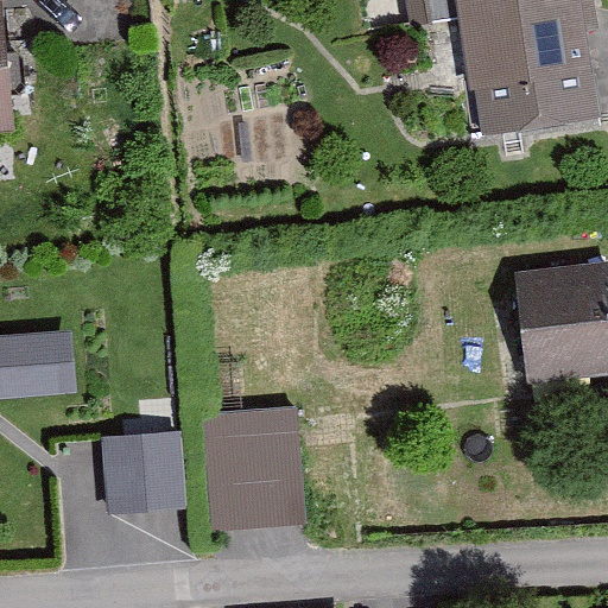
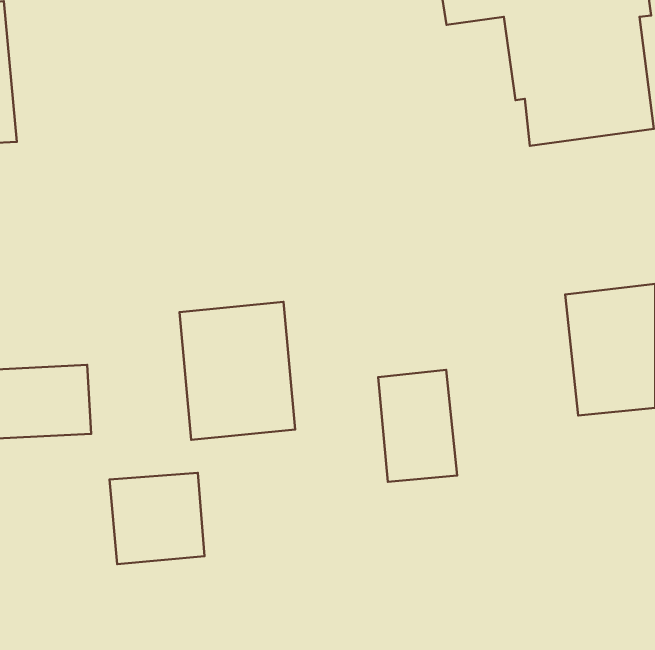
building: none -> [378,370,457,482]
building: [202,405,308,531] -> [179,302,295,440]

